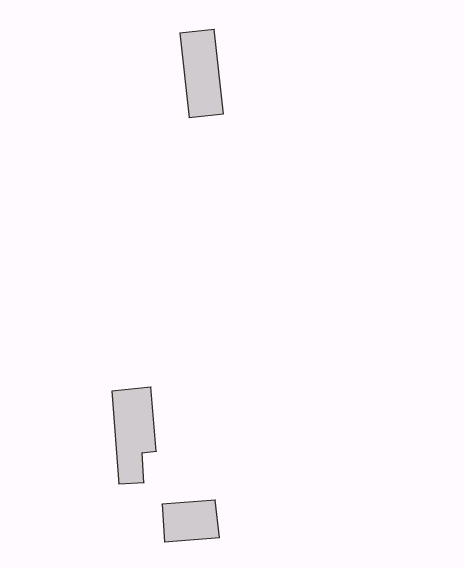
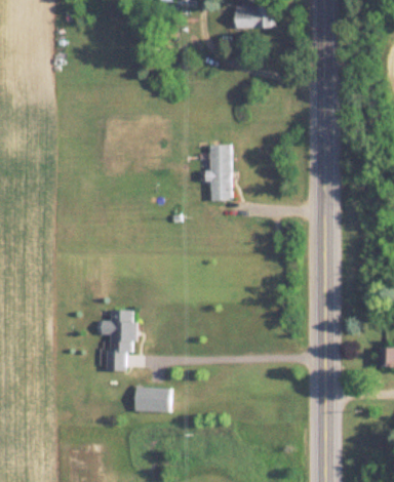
building: [180,29,223,117] -> [208,145,231,200]

